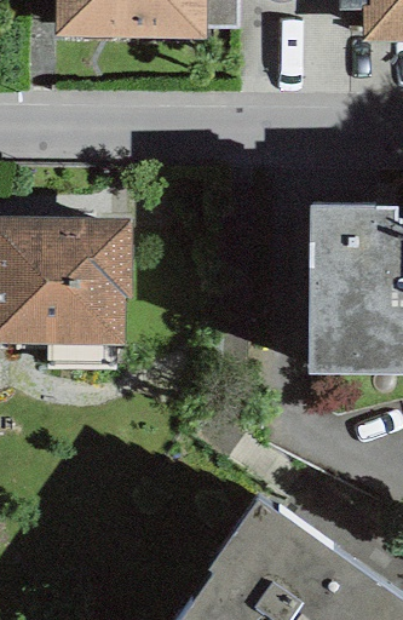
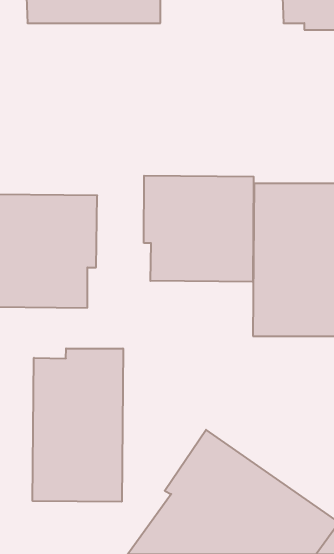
building: none -> [144,176,254,282]
building: none -> [33,348,123,502]

